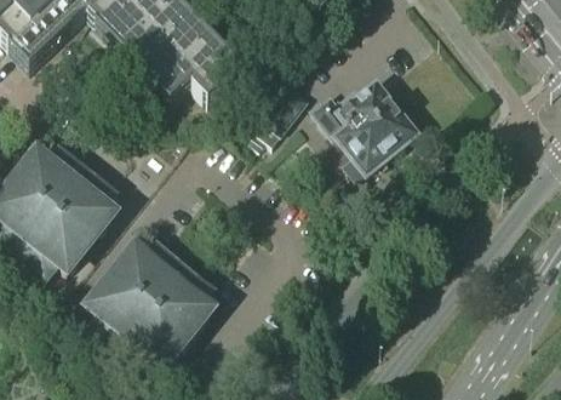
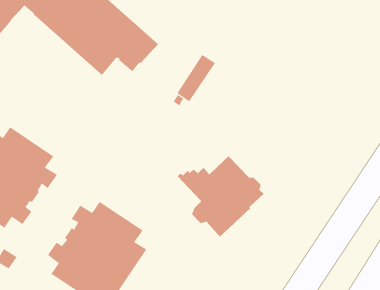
building: [316,86,418,182] -> [177,156,264,237]

